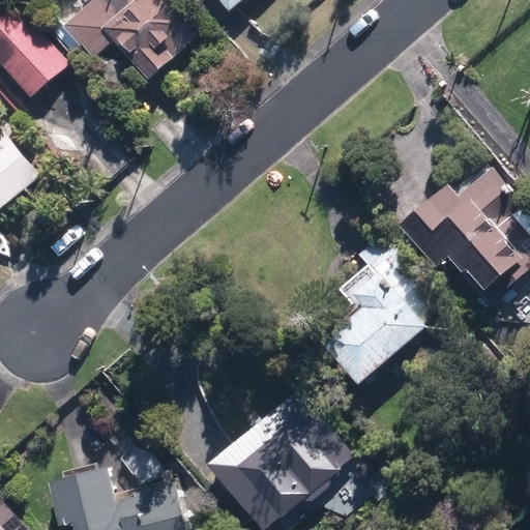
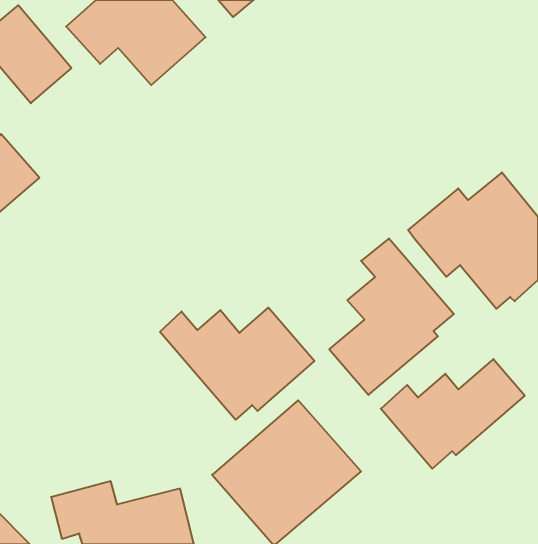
building: none -> [160,308,314,420]
building: none -> [381,359,525,469]

